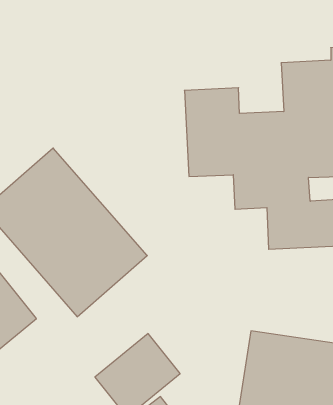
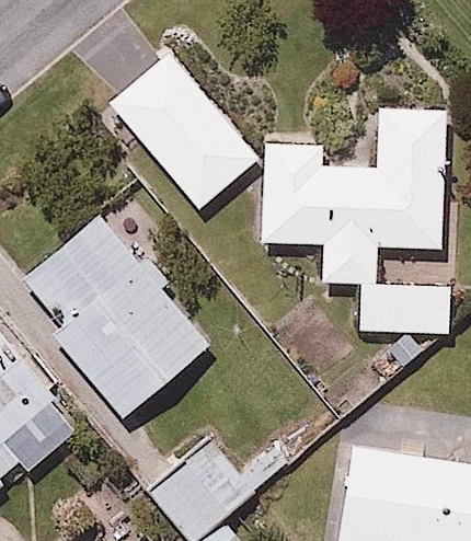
building: none -> [104,50,260,211]

